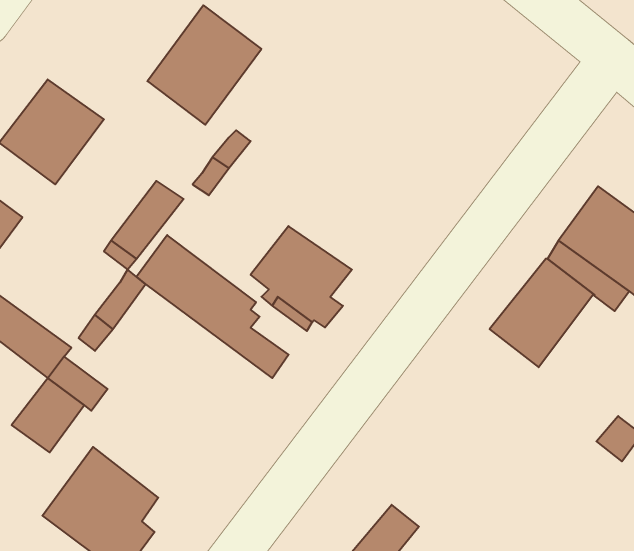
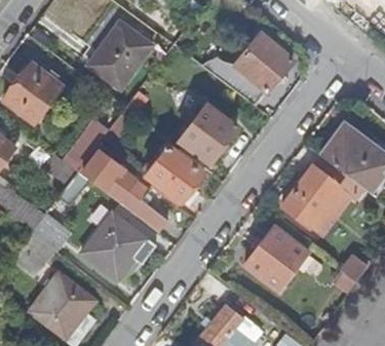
building: none -> [215,35,293,104]
building: none -> [180,105,237,162]
building: none -> [83,213,148,278]
building: none -> [245,226,308,291]

